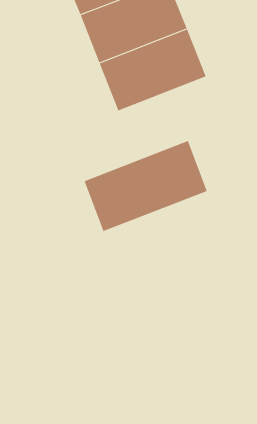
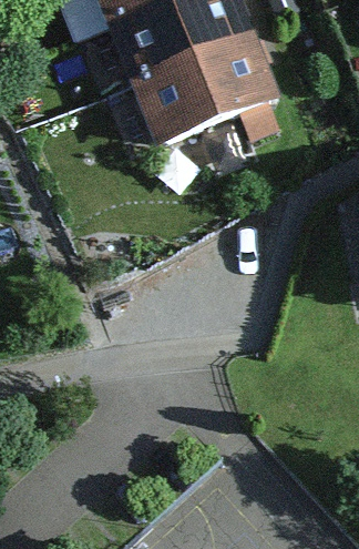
building: [84,140,208,232] -> none

